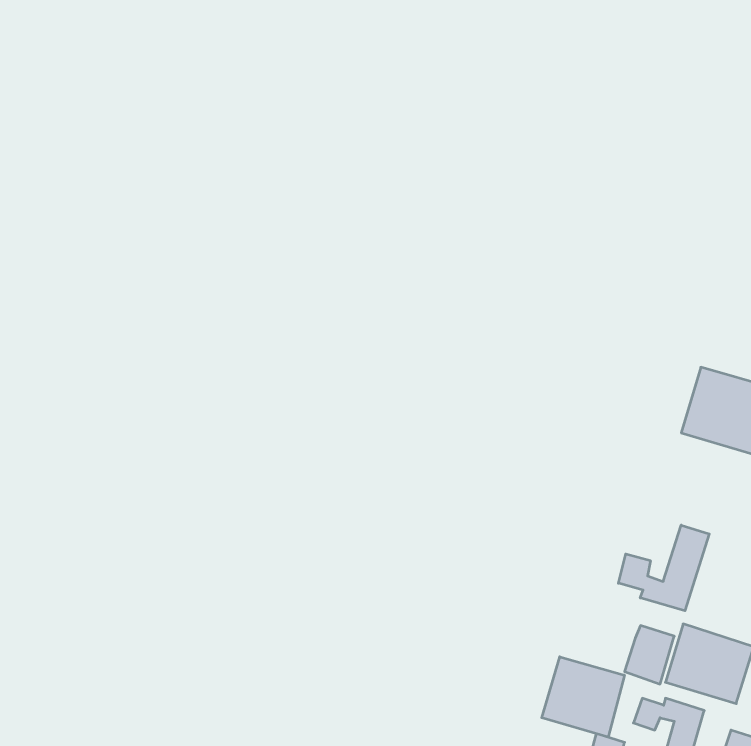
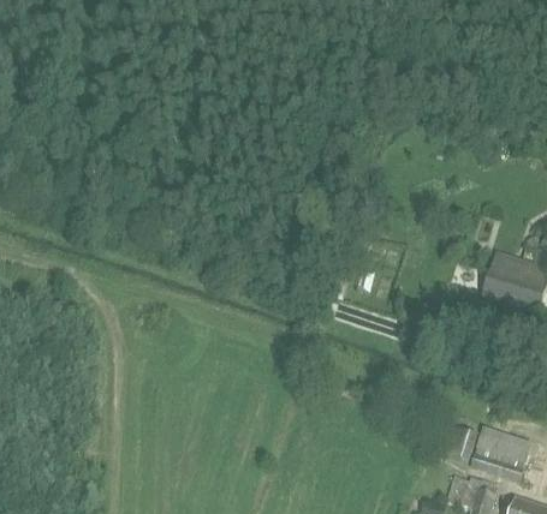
building: [618,525,709,611] -> none
building: [542,657,624,737] -> none

